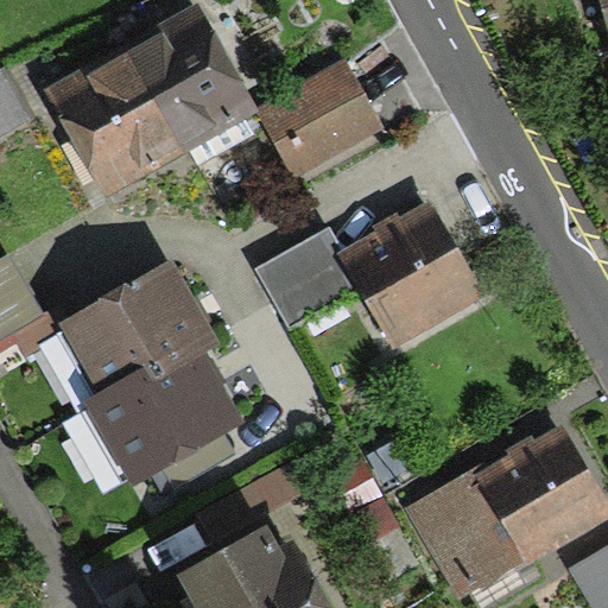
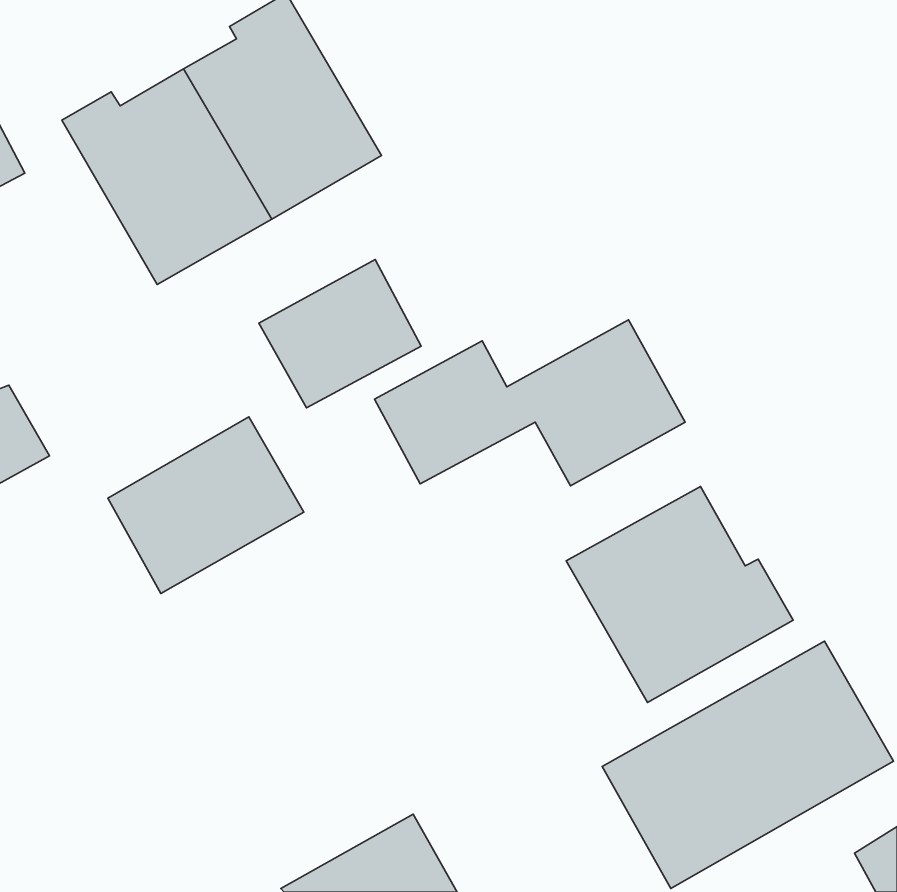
building: [264,71,373,171] -> [259,260,421,408]
building: none -> [566,486,793,703]
building: [94,354,236,483] -> none

